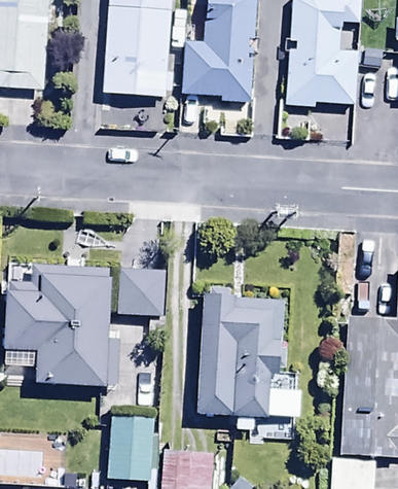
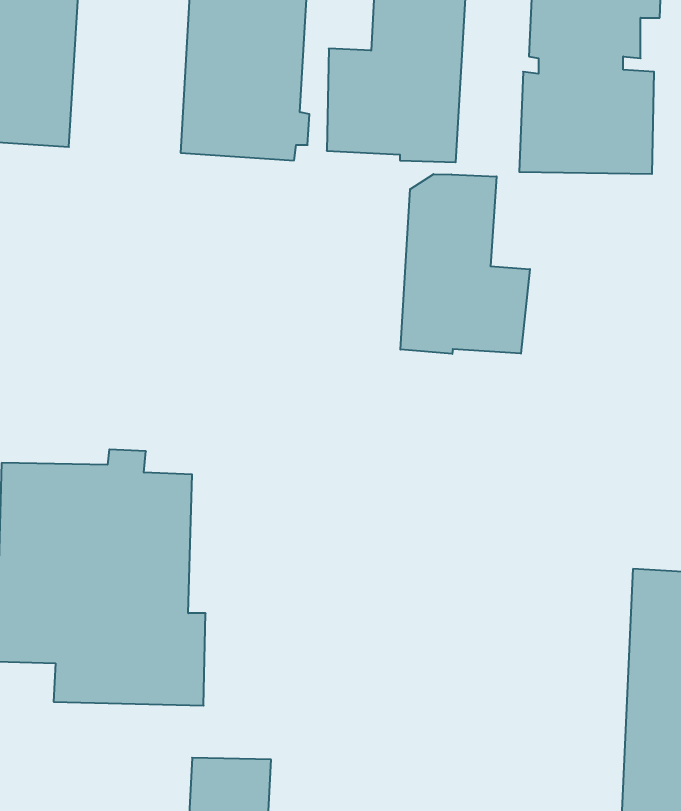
building: none -> [400,174,530,354]
building: [118,266,162,315] -> none
building: [198,284,302,417] -> none

